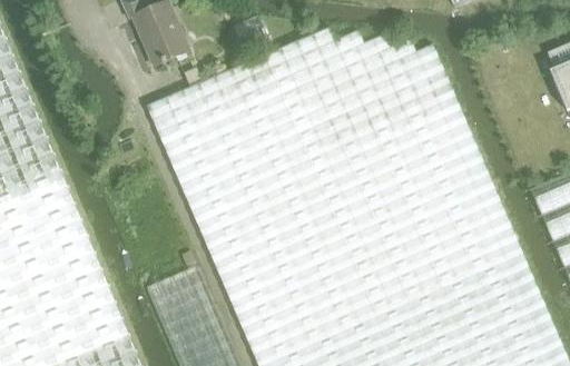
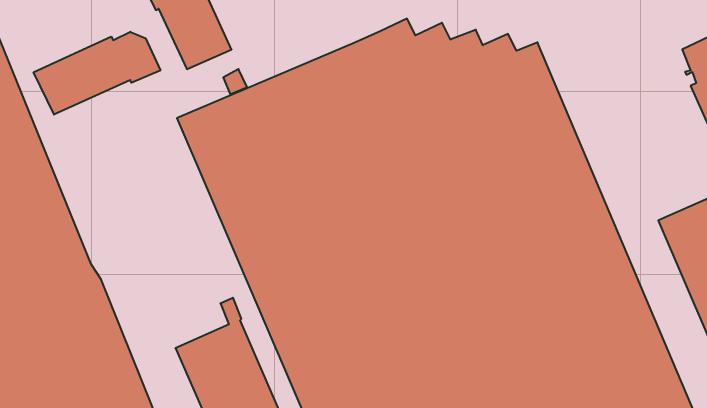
building: none -> [34,32,160,115]

